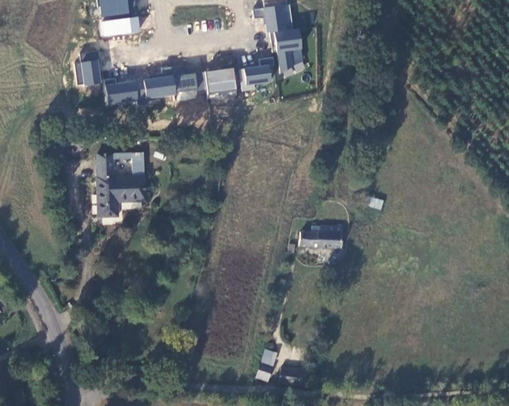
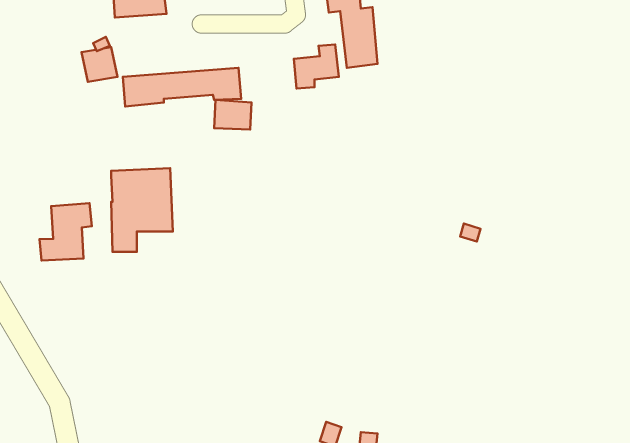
building: [205,68,236,93] -> none
building: none -> [40,203,92,260]
building: [299,226,341,247] -> none

